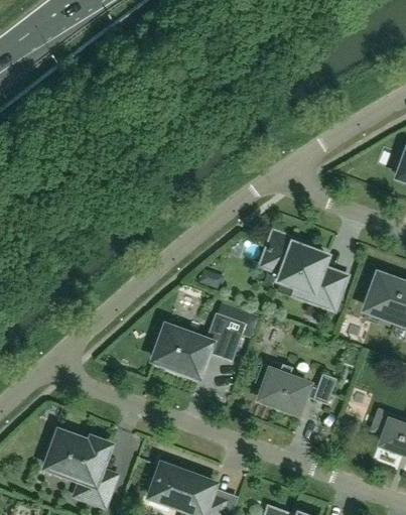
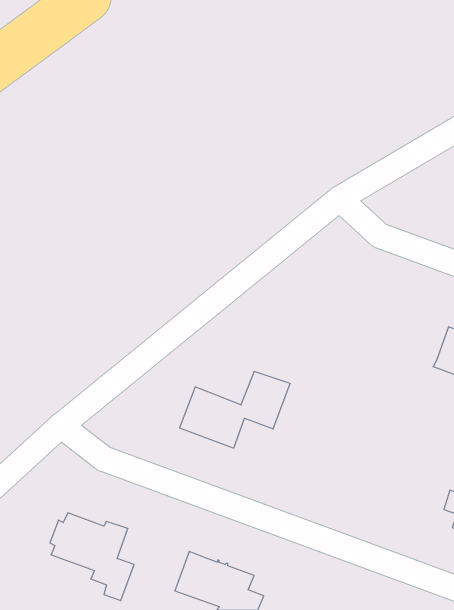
building: [262,233,346,308] -> none
building: [260,367,336,413] -> none

